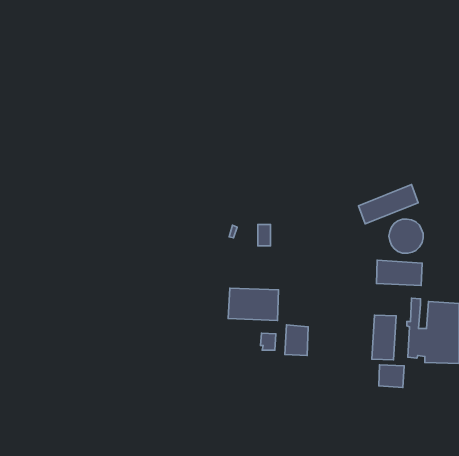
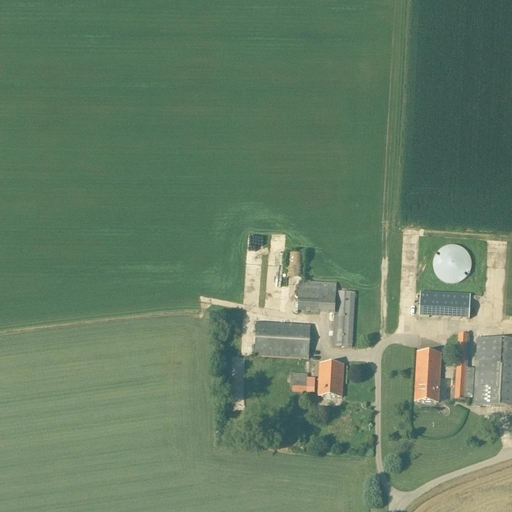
building: [358,185,418,224] -> none
building: none -> [297,279,355,346]
building: [379,365,404,388] -> none

